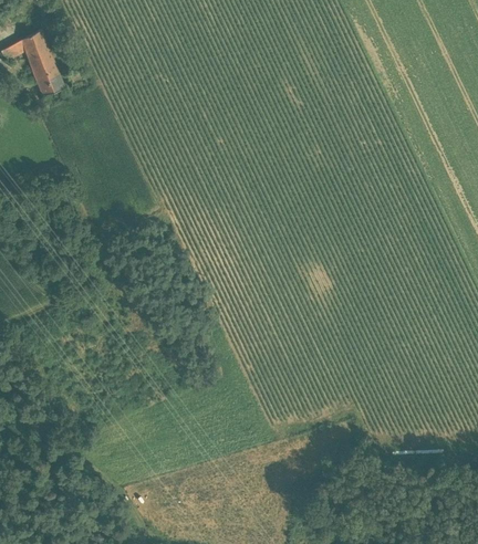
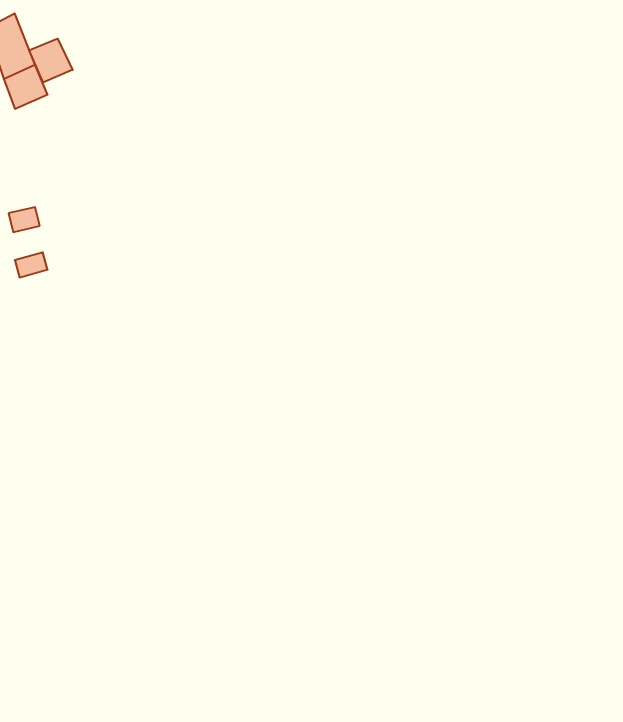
building: none -> [29,39,73,82]

